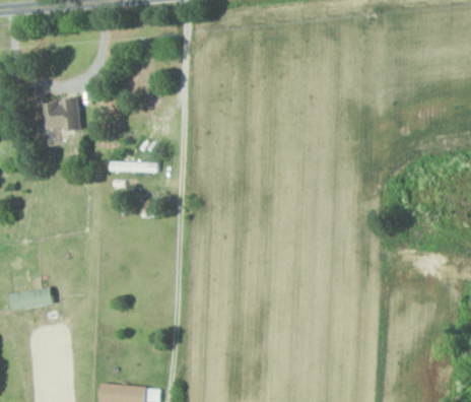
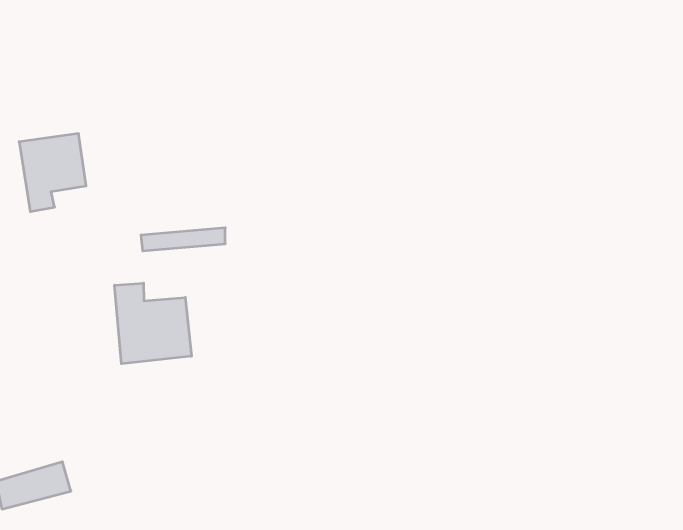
building: none -> [115,283,191,364]

